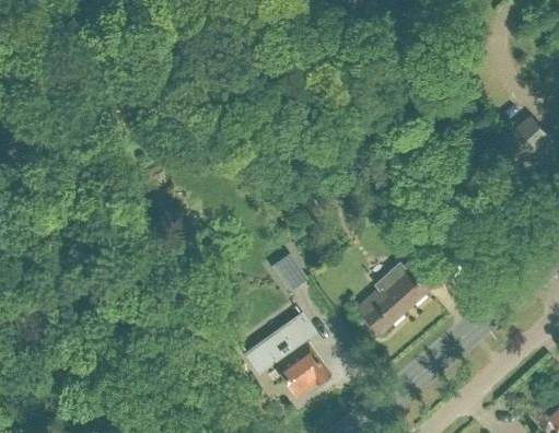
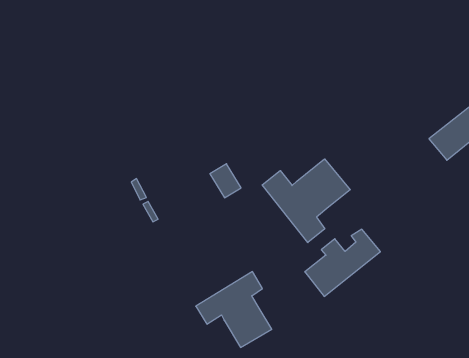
building: none -> [262,159,350,243]
building: [270,253,305,290] -> [210,164,241,198]

